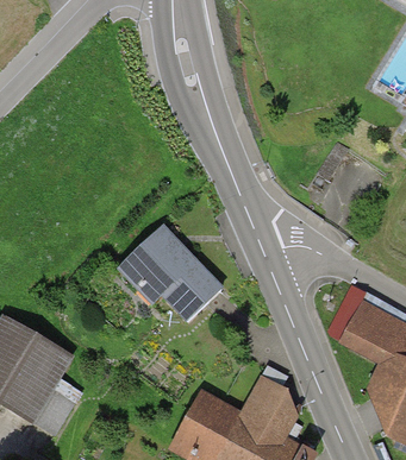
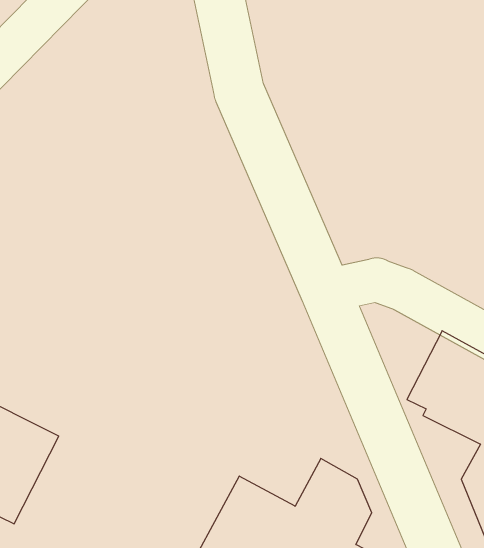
building: [125,226,218,320] -> none

